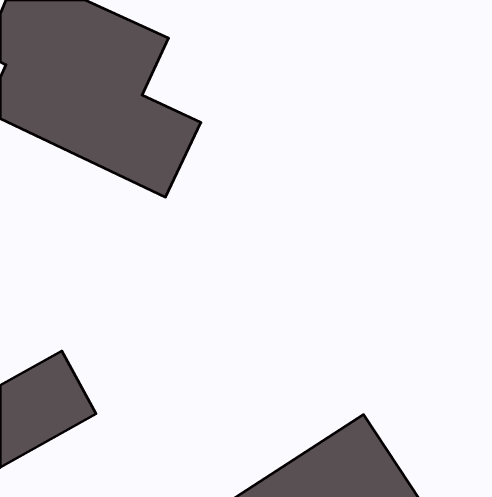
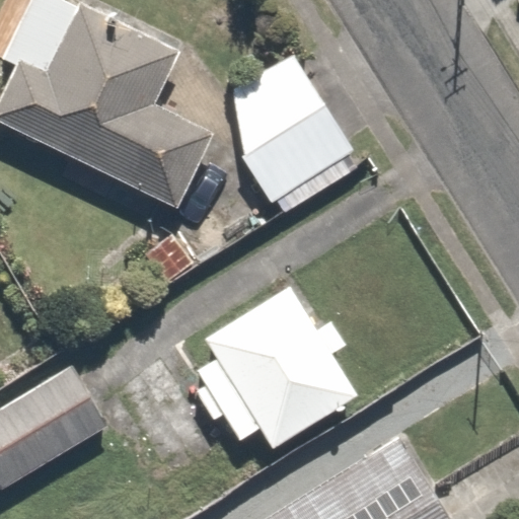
building: none -> [211,56,354,207]
building: none -> [189,290,356,454]

